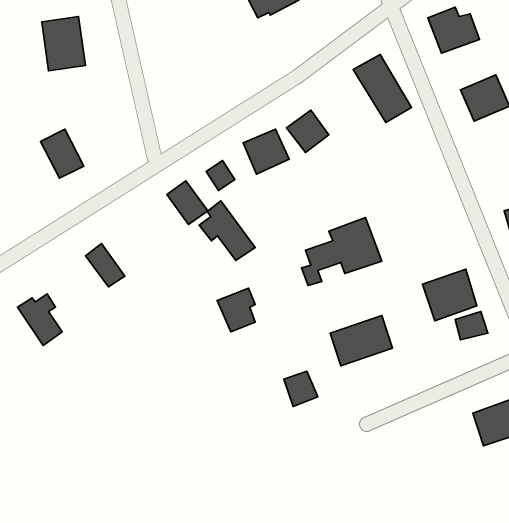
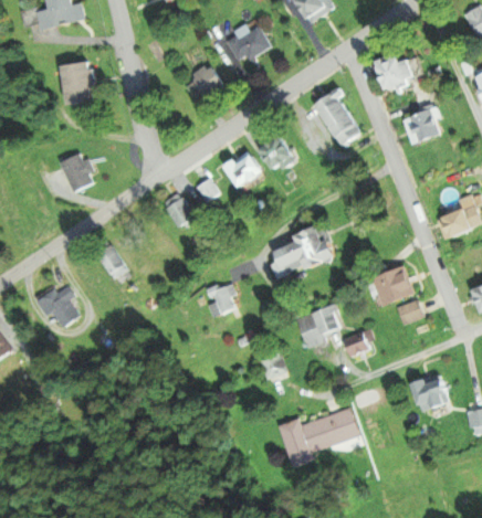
building: none -> [190,64,221,98]
building: [199,201,255,261] -> none
building: none -> [343,331,370,356]
building: none -> [280,408,358,461]

